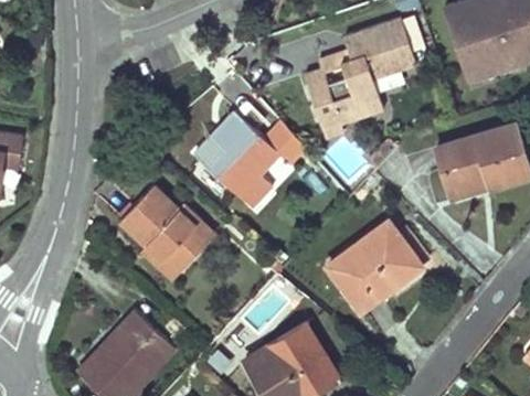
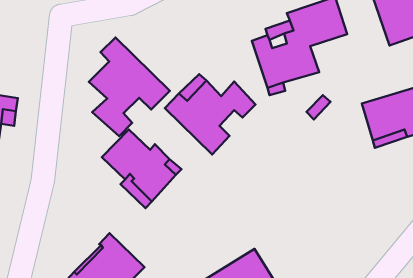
building: none -> [89,38,170,136]
building: [328,222,420,310] -> none

